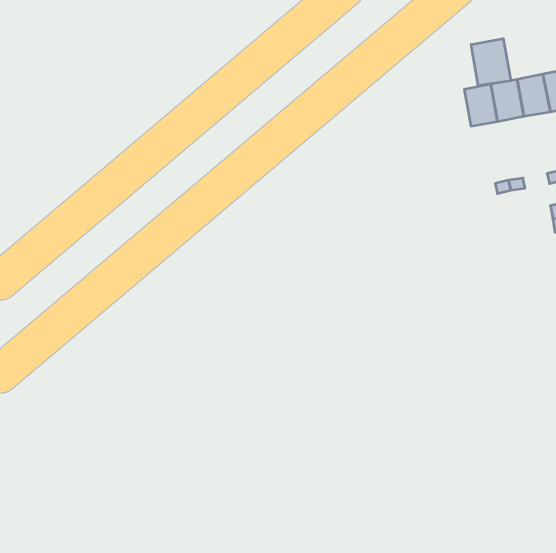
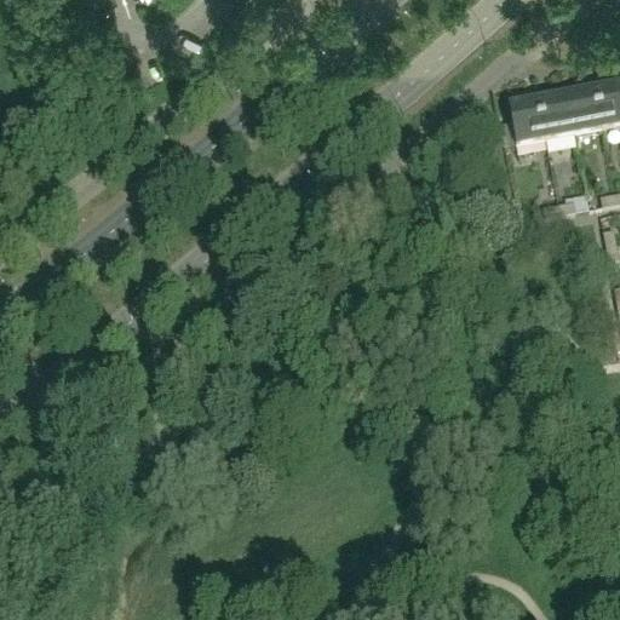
building: [471,39,511,86] -> none

